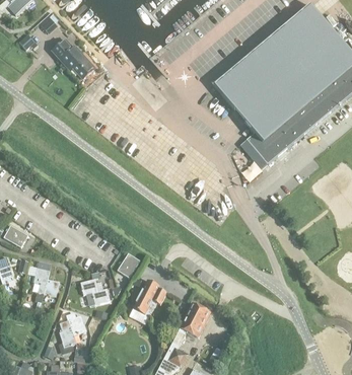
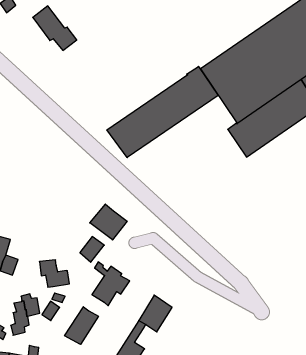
building: none -> [107,66,218,158]
building: none -> [90,204,127,240]
building: none -> [65,307,98,344]

